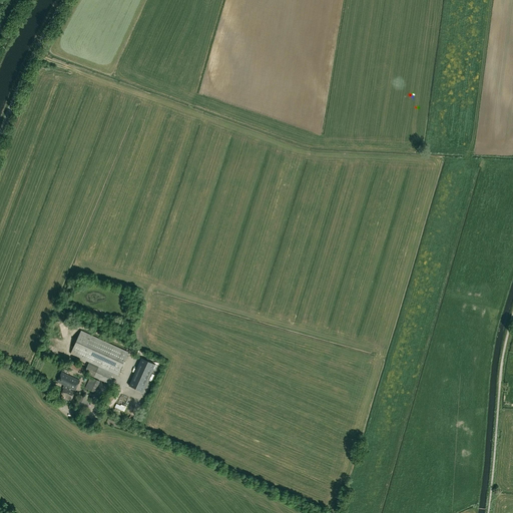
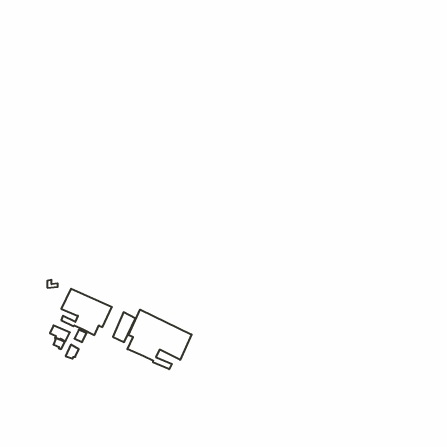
building: none -> [127,310,192,369]

